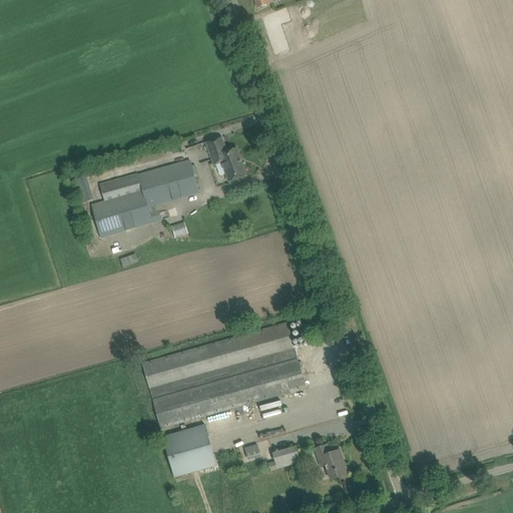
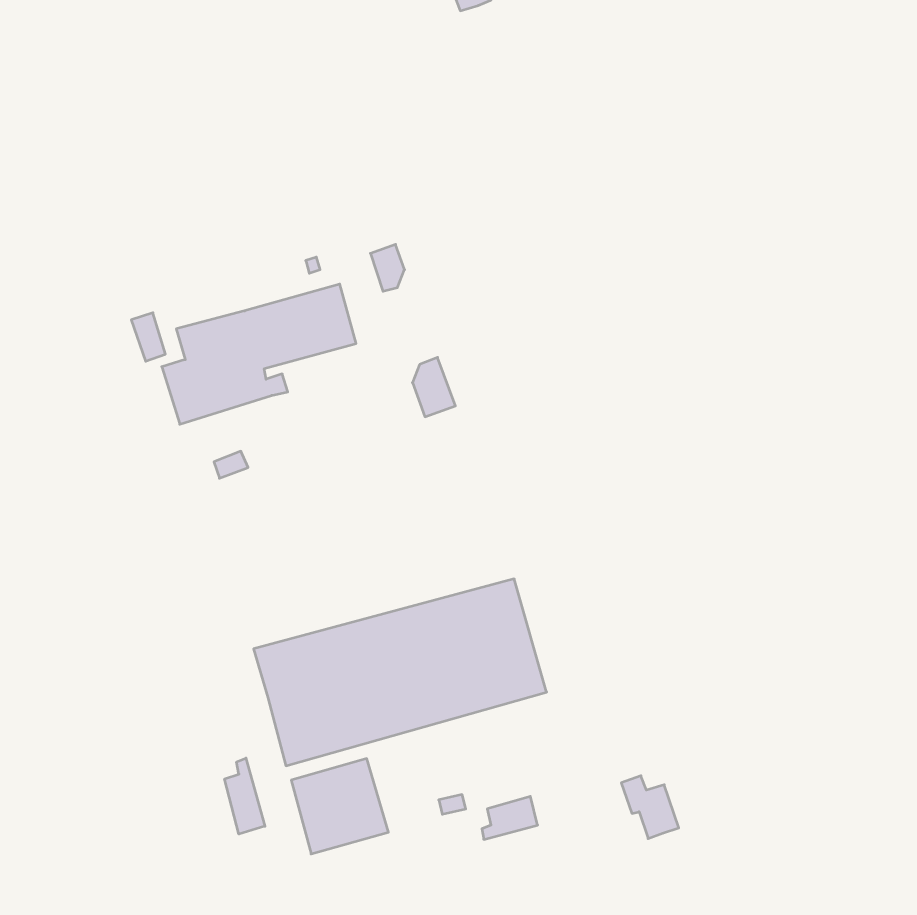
building: [221,146,245,179] -> [412,357,455,417]
building: none -> [225,758,265,834]
building: [315,443,347,478] -> [621,776,679,839]

